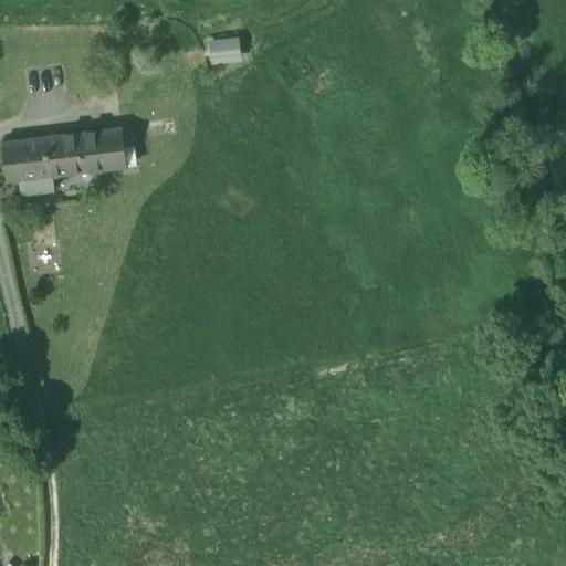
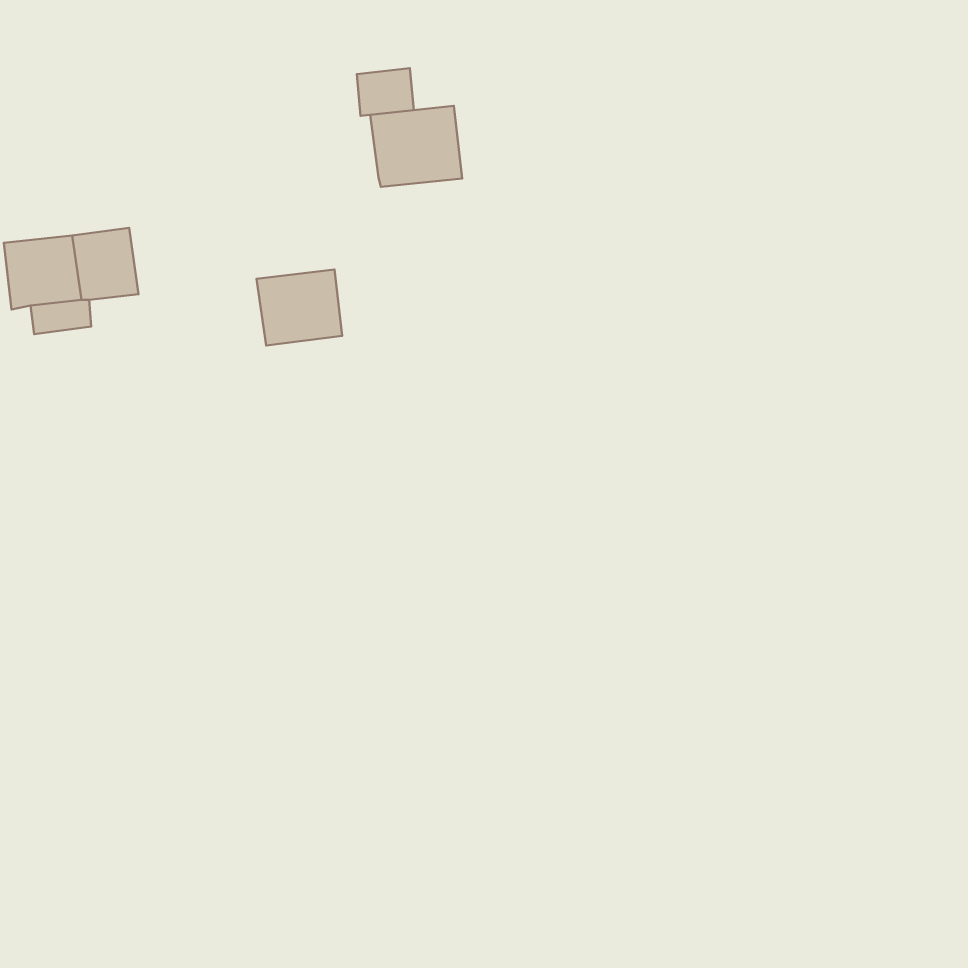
building: none -> [370,106,462,187]
building: [76,127,126,171] -> [257,269,342,345]

